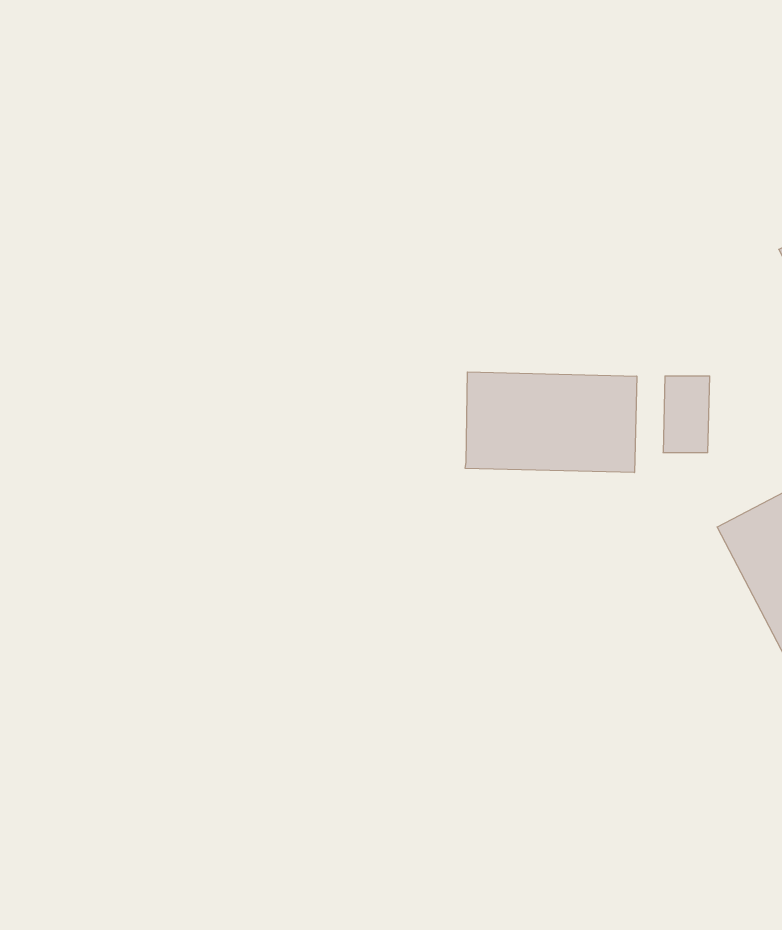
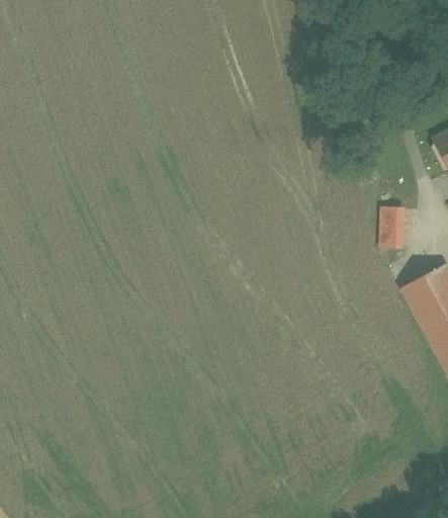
building: [465,372,637,473] -> none

